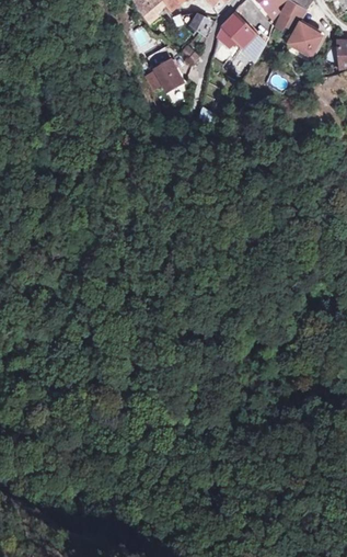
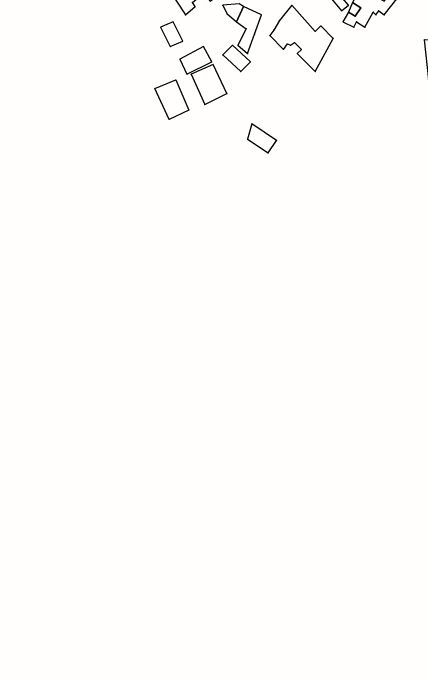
building: [289,22,321,54] -> none
building: none -> [155,80,189,119]

